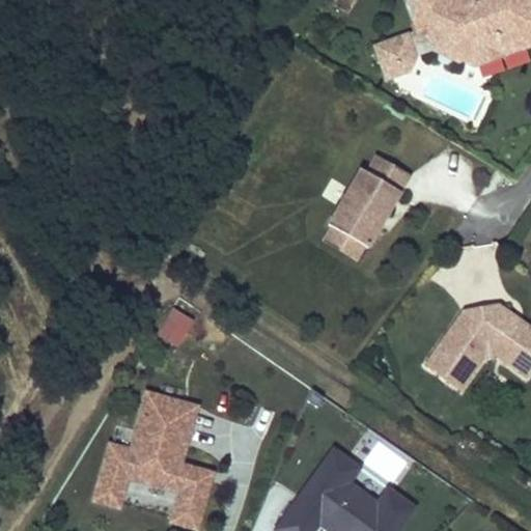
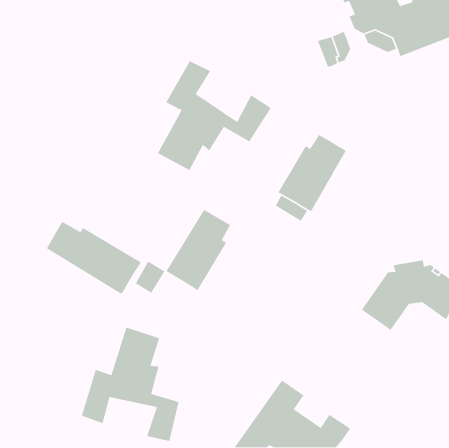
building: none -> [157,60,272,171]
building: none -> [166,209,231,291]
building: none -> [46,221,142,295]

